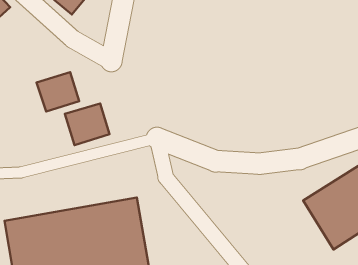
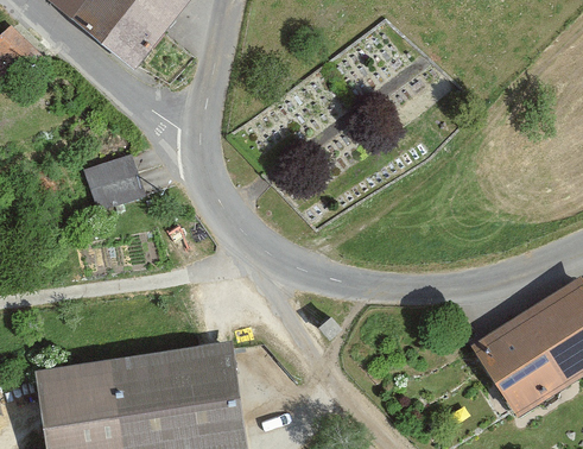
building: [65,103,109,145] -> none

